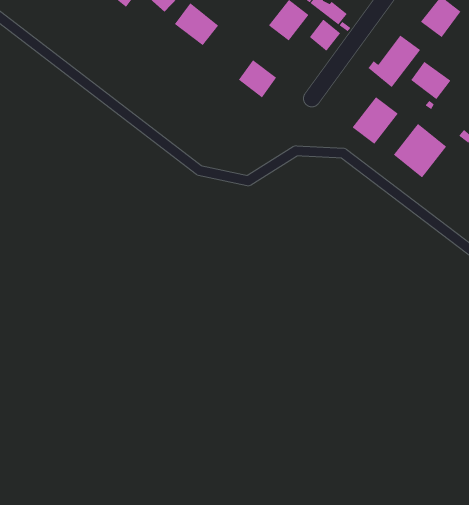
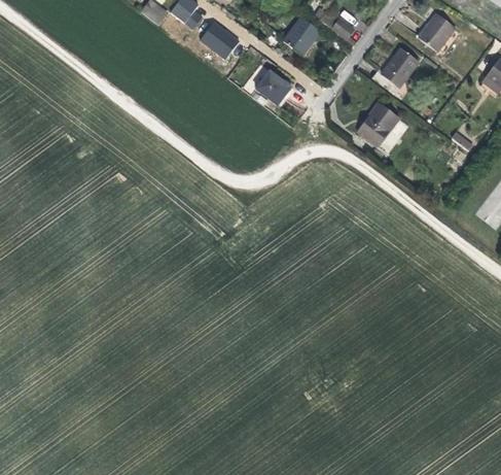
building: [309,19,341,52] -> none
building: [410,61,451,100] -> none
building: [393,123,447,179] -> none

